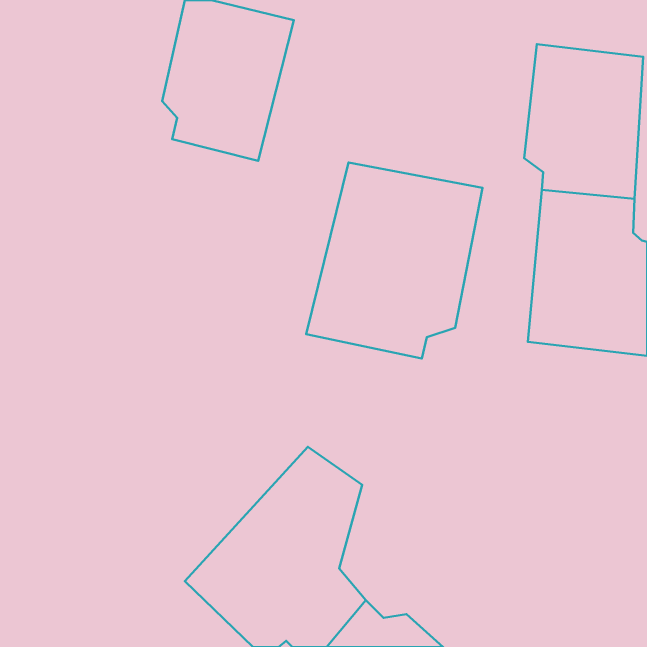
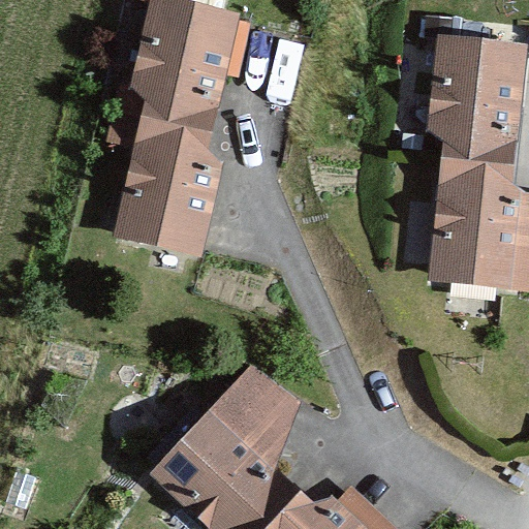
building: none -> [115,114,222,252]
building: [306,163,483,359] -> none

